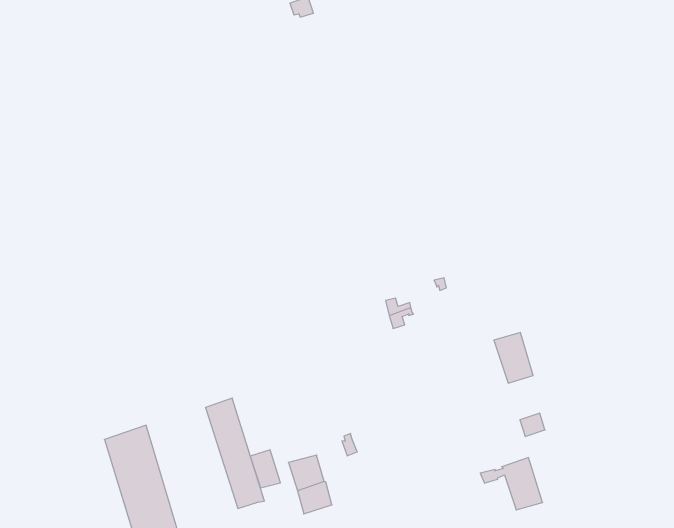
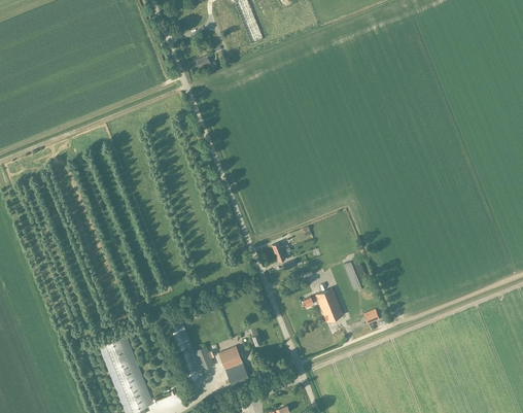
building: [480,458,543,510] -> [303,288,344,322]

